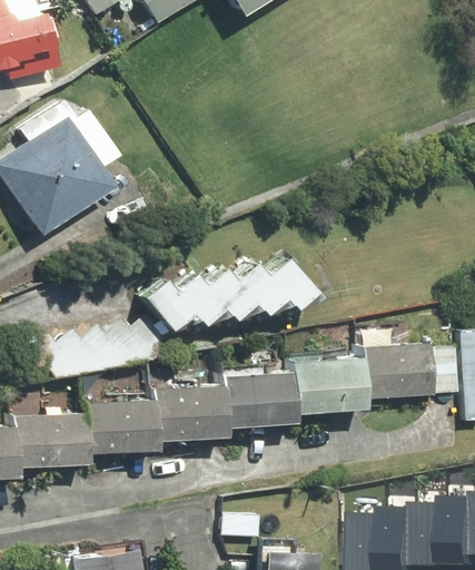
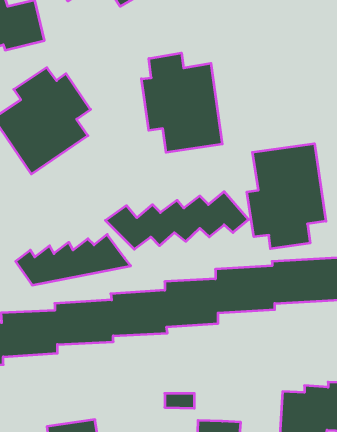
building: none -> [141,53,222,152]
building: none -> [247,144,326,249]

